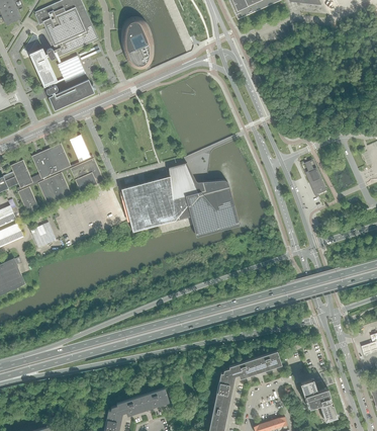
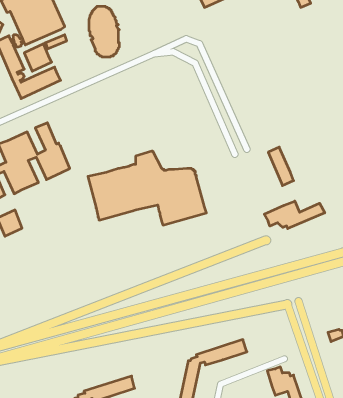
building: none -> [264,201,325,229]

